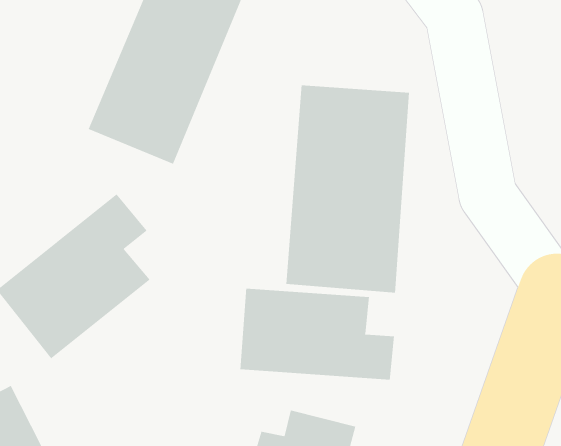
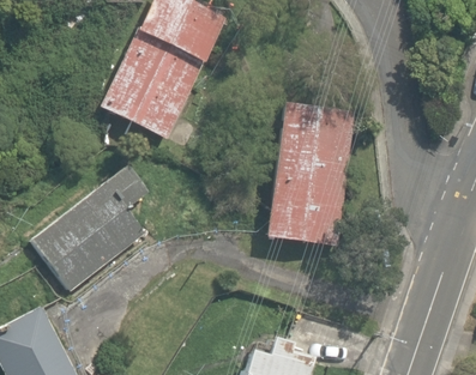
building: [240,288,394,380] -> none

